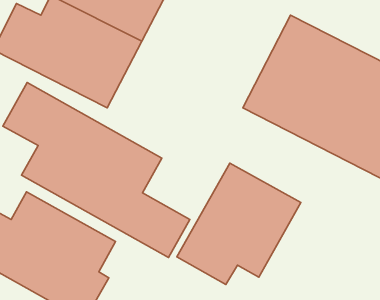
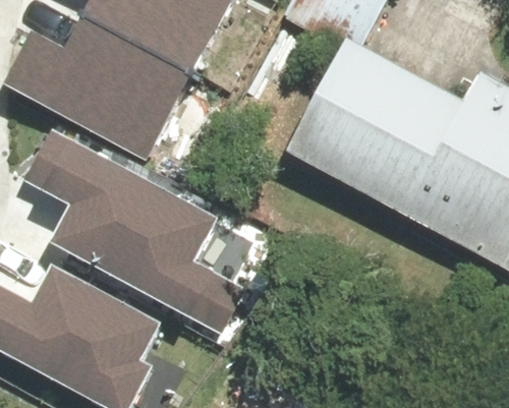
building: [177,163,301,285] -> none

